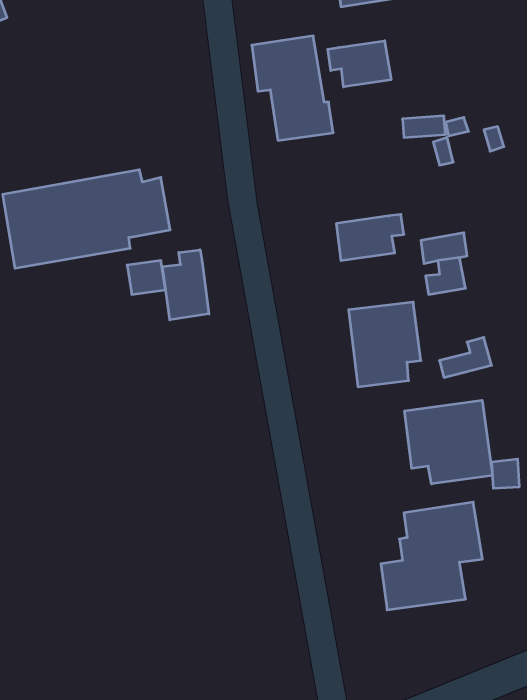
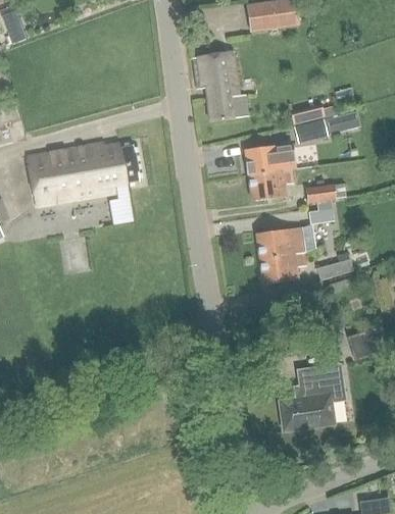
building: [328,41,391,87] -> none
building: none -> [244,144,291,175]
building: [162,250,209,320] -> none
building: [405,400,492,484] -> none

